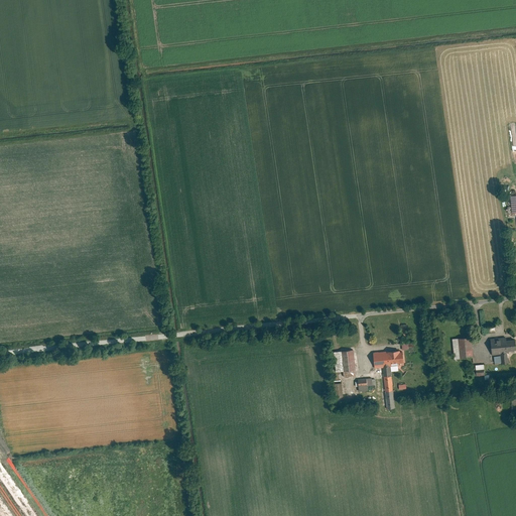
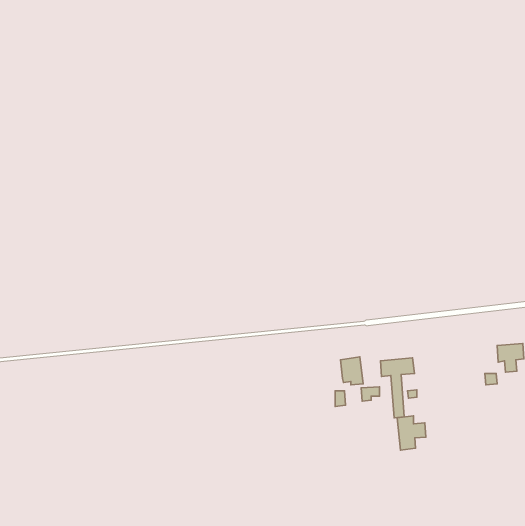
building: [455,338,475,360] -> none
building: none -> [397,416,426,450]

